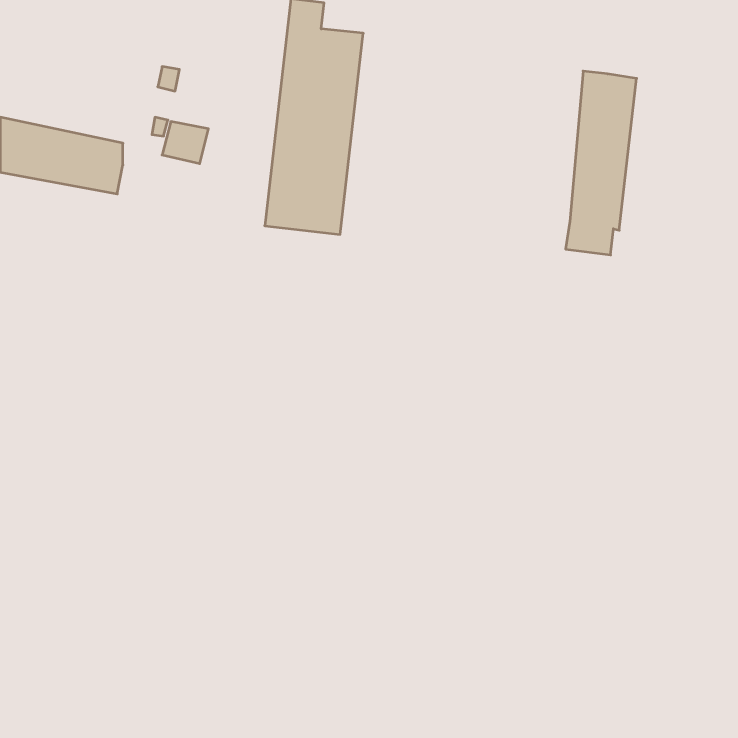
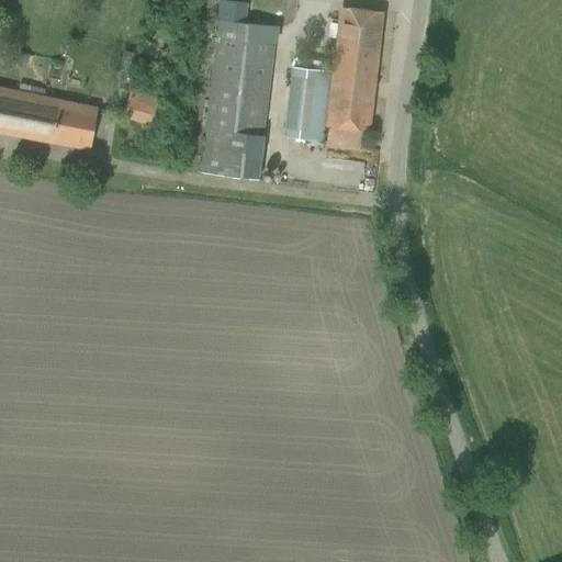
building: [566,71,637,255] -> [327,7,381,146]
building: none -> [285,66,329,140]

